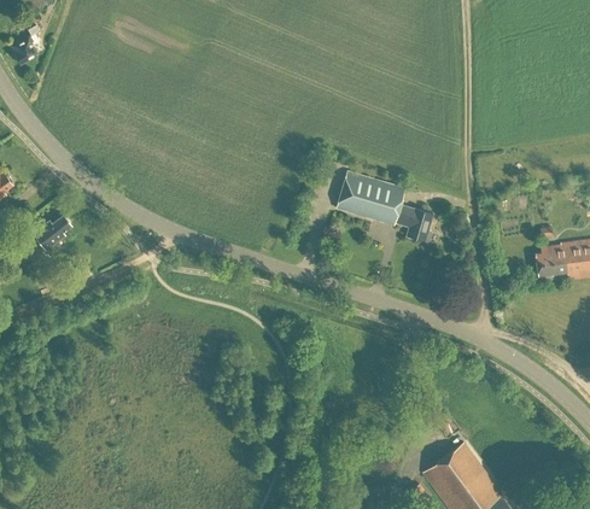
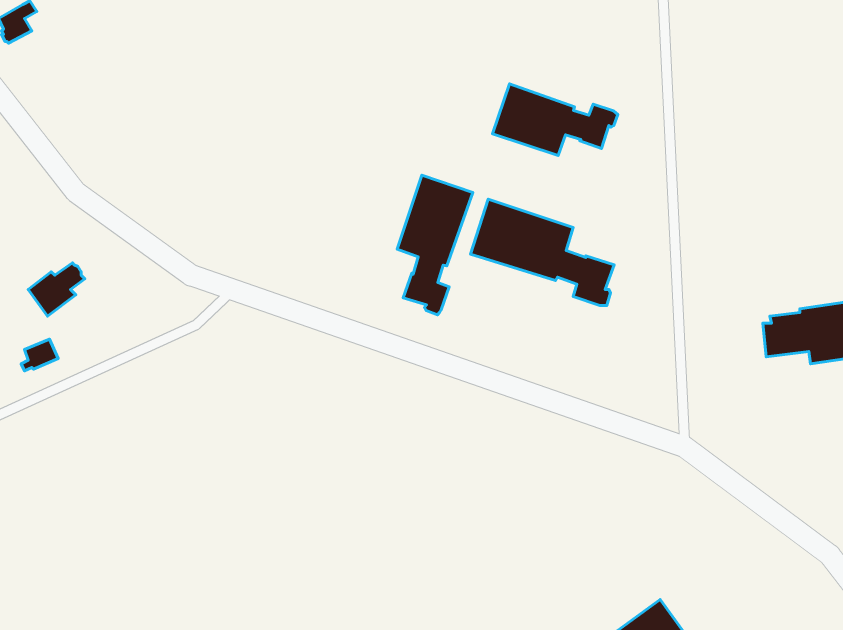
building: none -> [492,84,618,156]
building: none -> [397,175,473,315]

